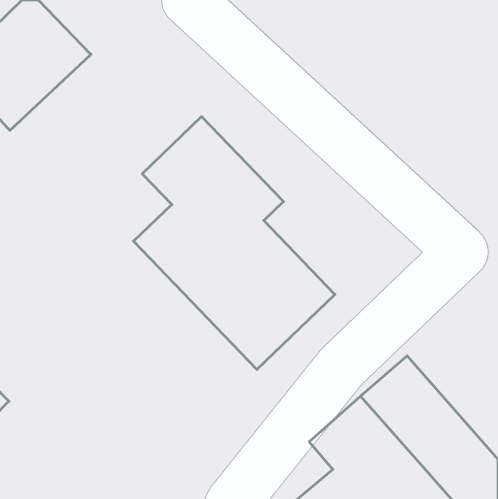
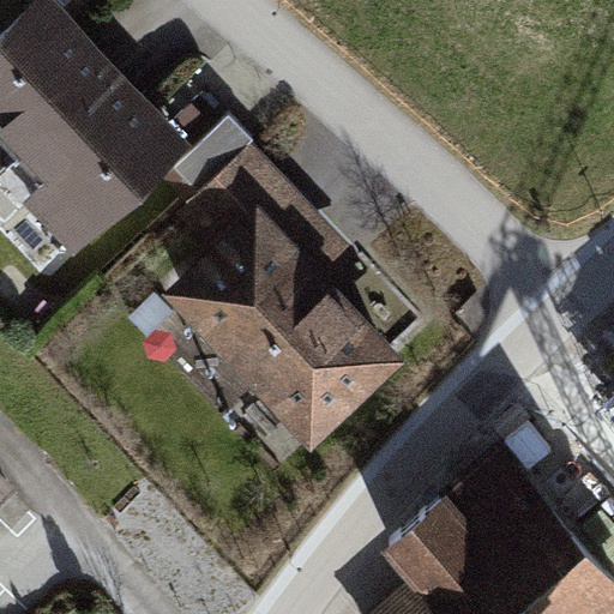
building: none -> [12,73,185,263]

